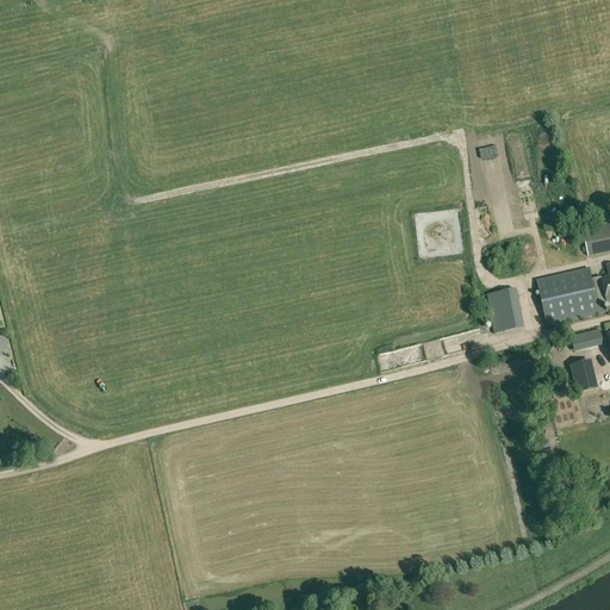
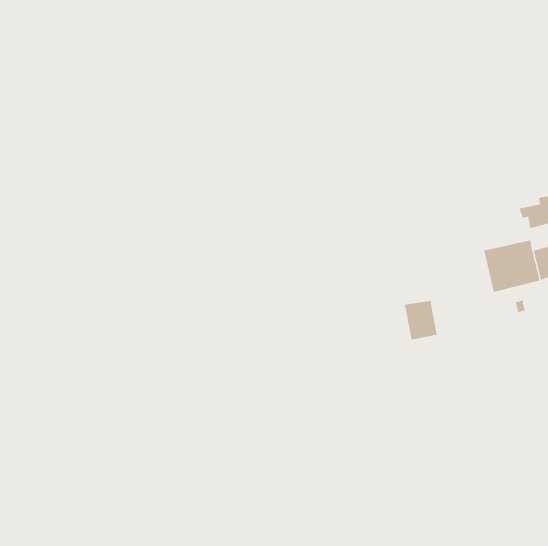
building: [488,287,525,331] -> [404,300,438,340]
building: [572,359,597,391] -> none

